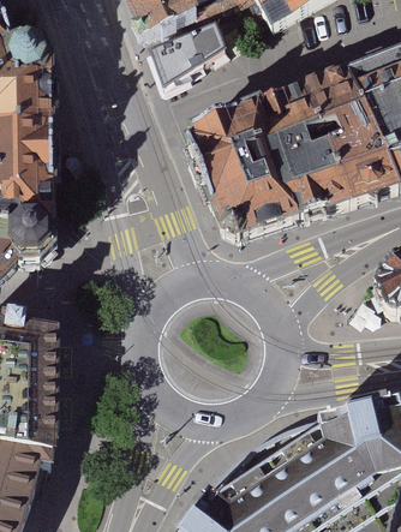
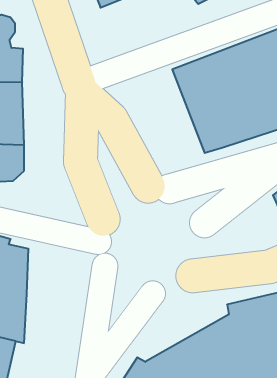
building: [156,16,233,80] -> none
building: [188,103,288,228] -> none

